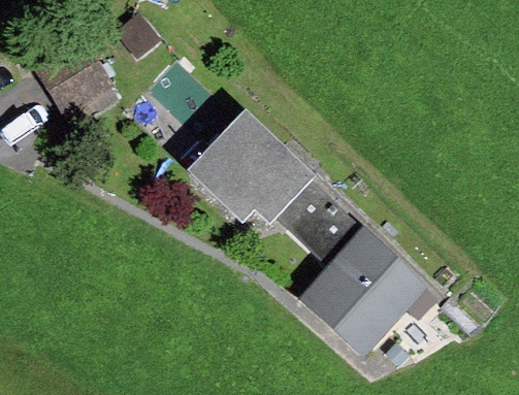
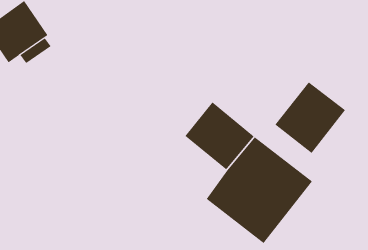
building: [190,110,316,235] -> none
building: none -> [274,81,346,154]

